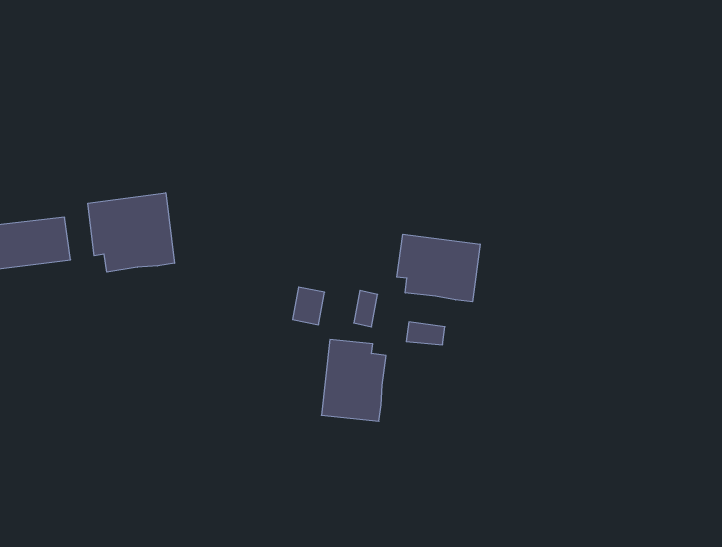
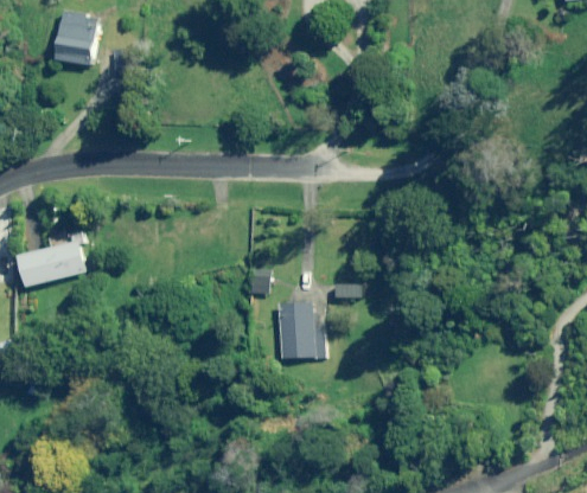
building: [88,193,175,272] -> none
building: [397,234,480,302] -> none

